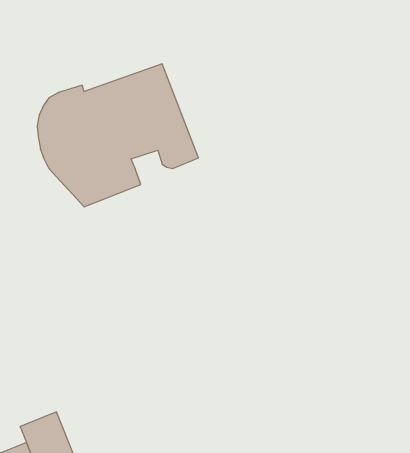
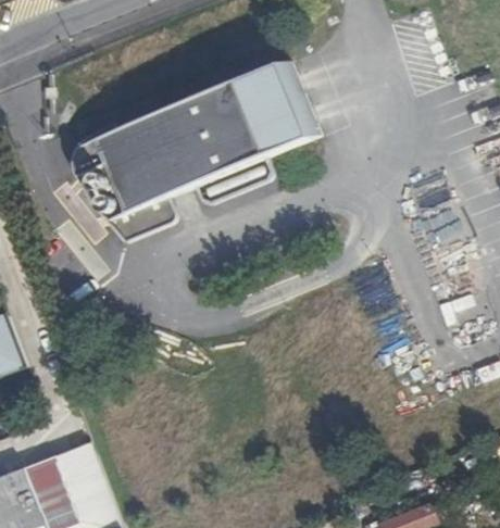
building: none -> [199,58,311,184]

